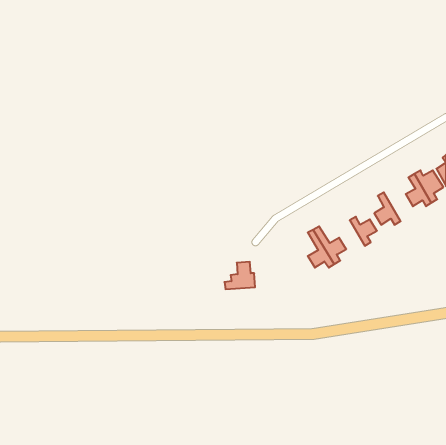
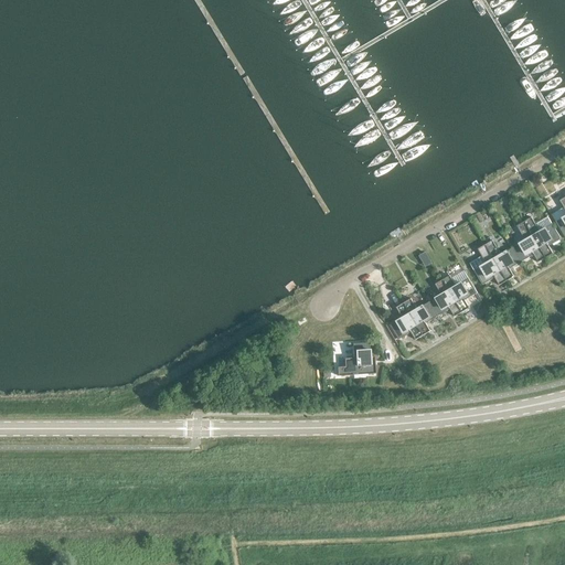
building: none -> [484,238,521,279]
building: none -> [428,278,460,315]
building: [224,262,255,289] -> [335,340,374,374]

